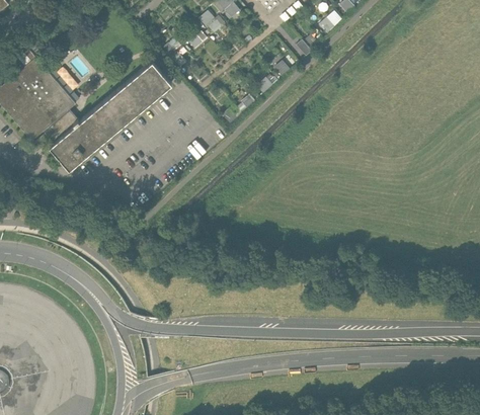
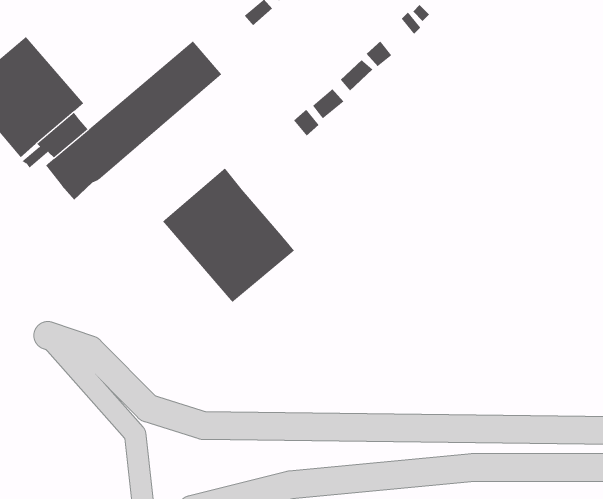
building: none -> [162,167,295,303]

